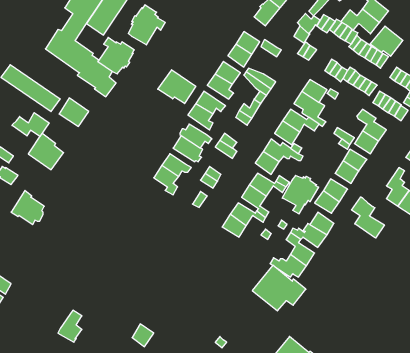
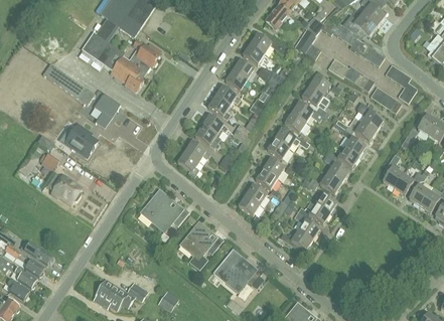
building: [128,5,165,45] -> none
building: [370,26,403,56] -> none
building: [158,70,196,104] -> none
building: [12,113,49,136] -> none
building: [282,175,319,214] -> none
building: [352,197,384,238] -> none
building: none -> [141,189,188,230]
building: none -> [180,221,223,269]
building: [252,265,306,311] -> [214,250,262,290]
building: none -> [108,281,147,309]

